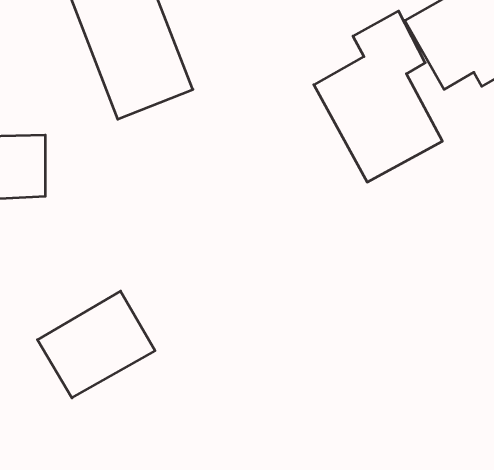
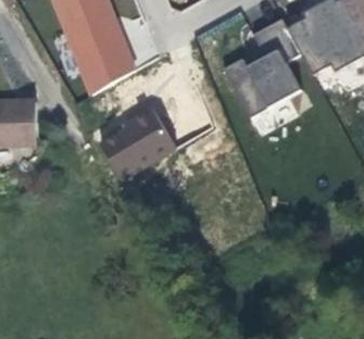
building: [37,291,155,398] -> [96,106,177,180]

